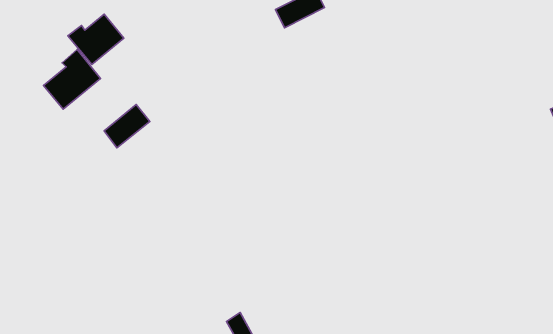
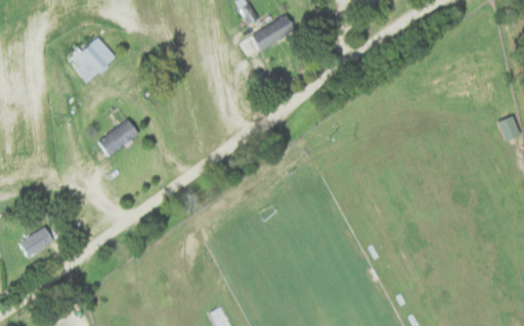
building: [43,49,101,109] -> none
building: none -> [19,226,54,257]

